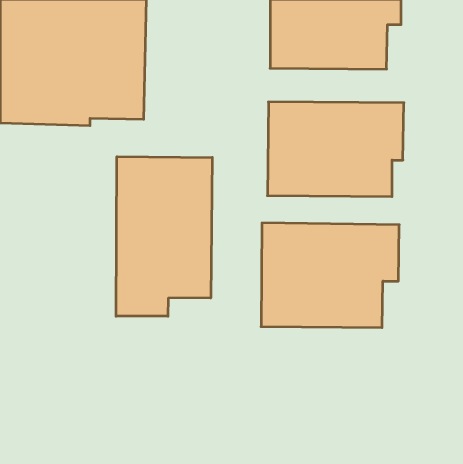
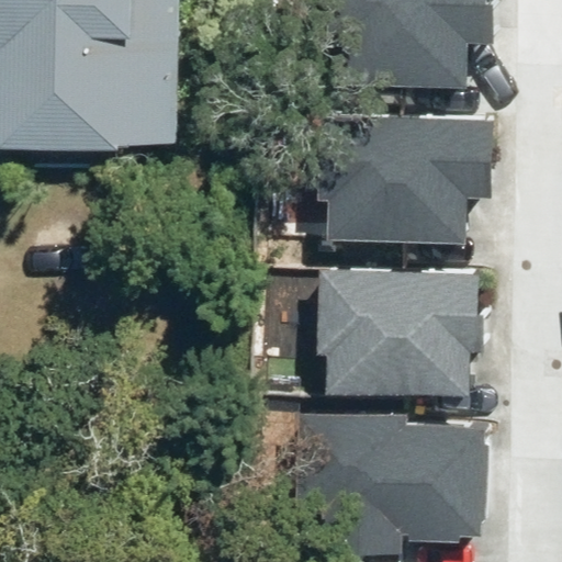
building: [116,157,212,316] -> none
building: none -> [293,425,485,543]

